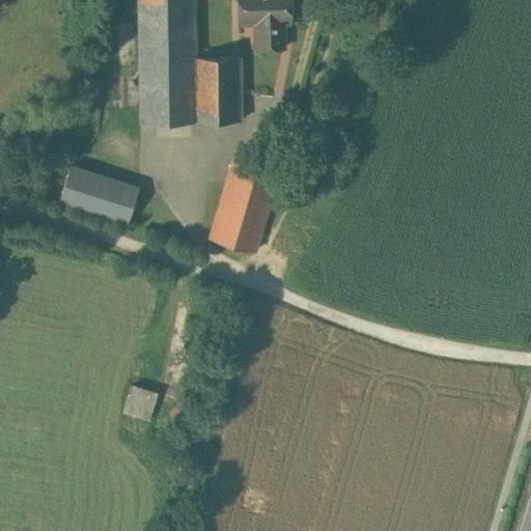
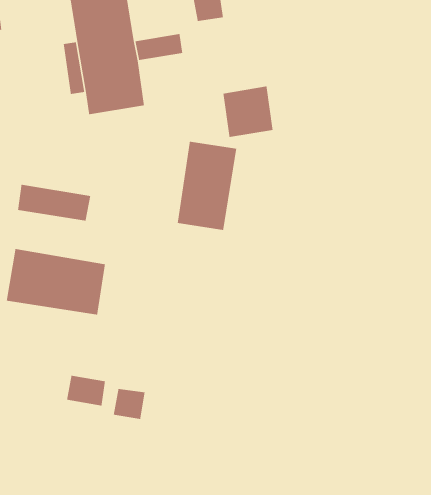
building: [197,76,241,120] -> [222,85,274,138]
building: none -> [6,248,106,316]
building: none -> [66,375,106,406]

